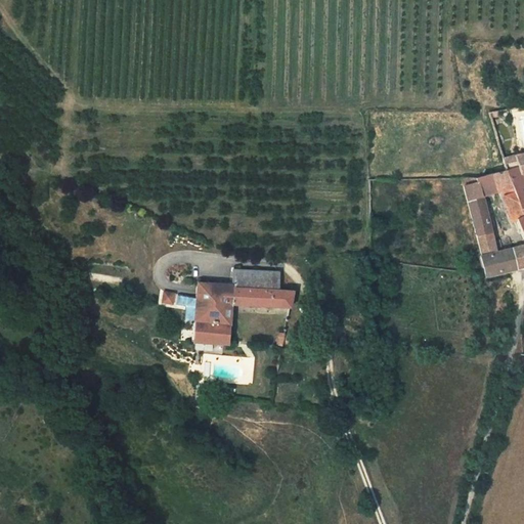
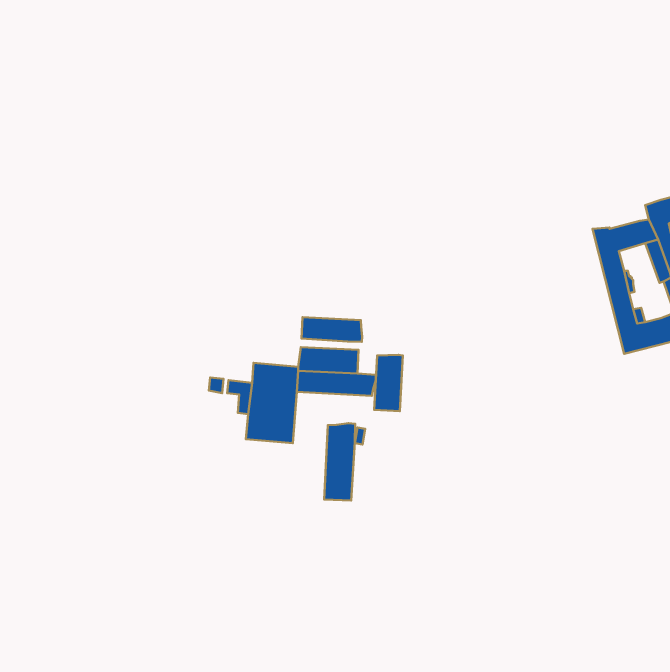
building: none -> [302,317,362,342]
building: none -> [374,355,403,411]
building: none -> [324,423,355,501]

